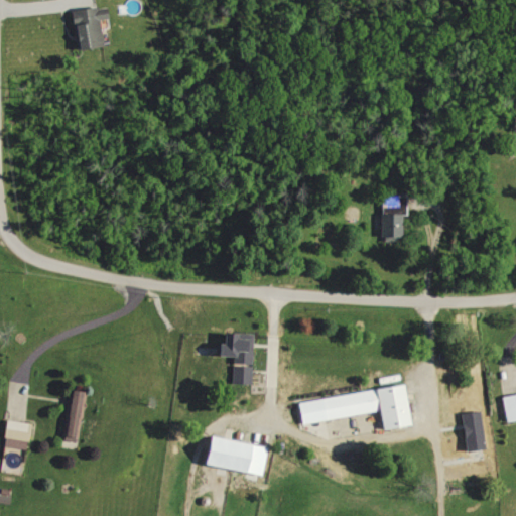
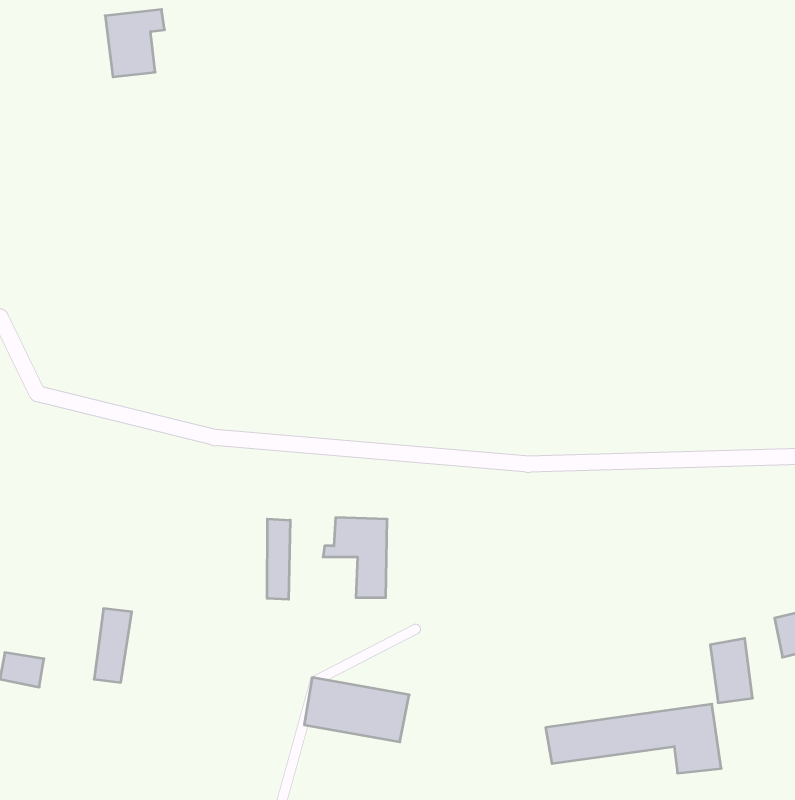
building: [380,196,404,239] -> none
building: none -> [267,519,290,599]
building: [297,385,410,429] -> [546,704,721,773]

